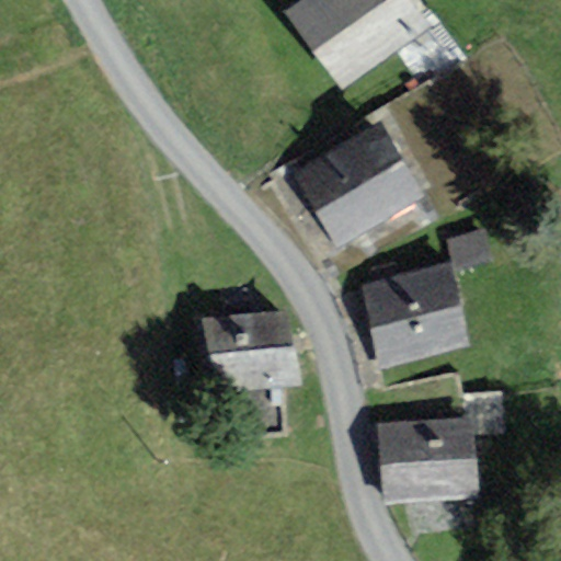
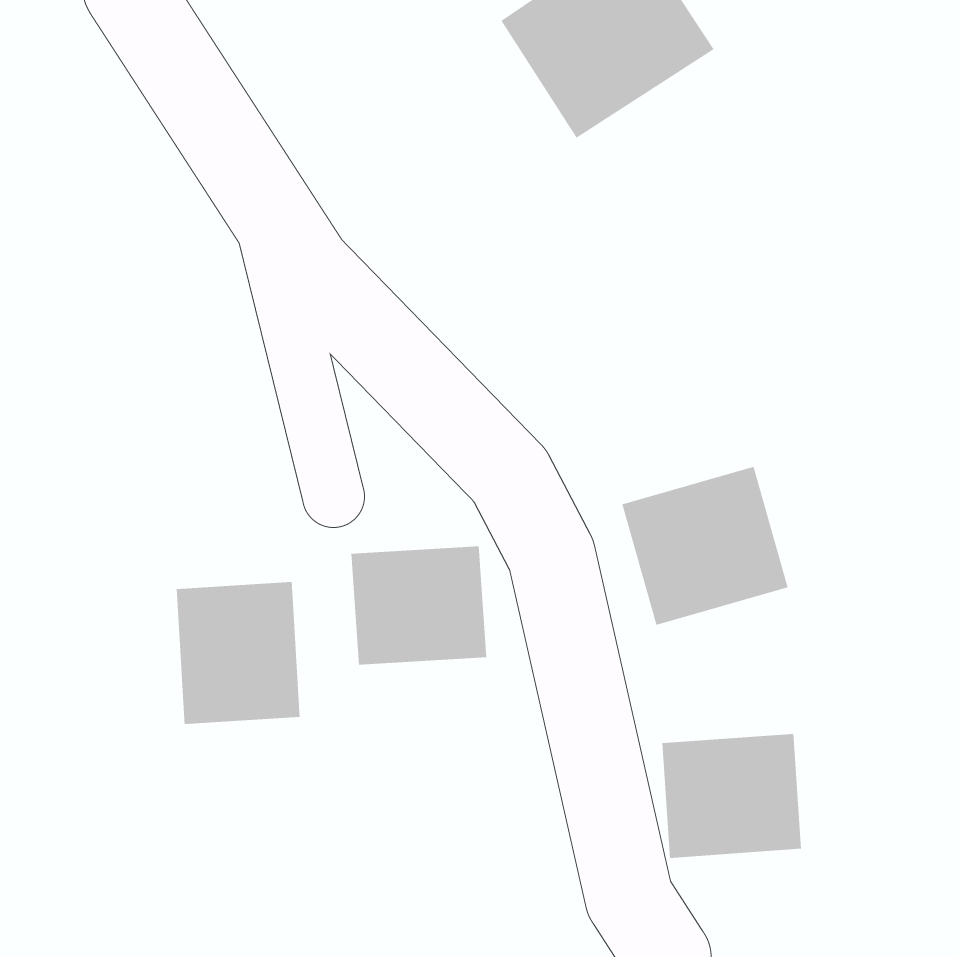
building: [299,130,419,242] -> none
building: none -> [176,581,300,725]

